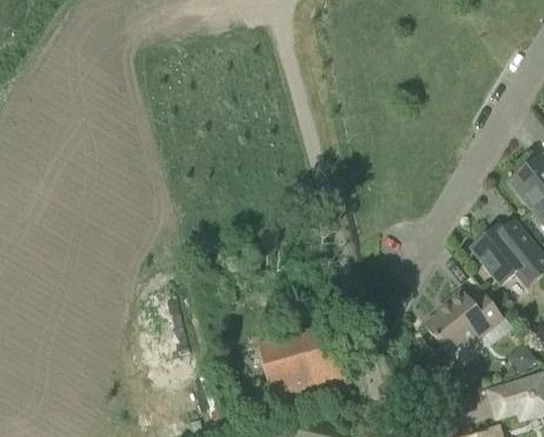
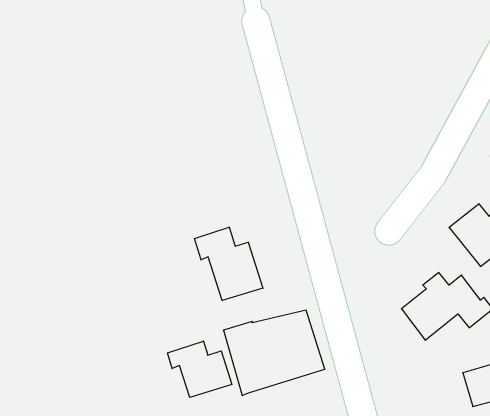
building: none -> [195,227,263,301]
building: none -> [167,341,232,397]

